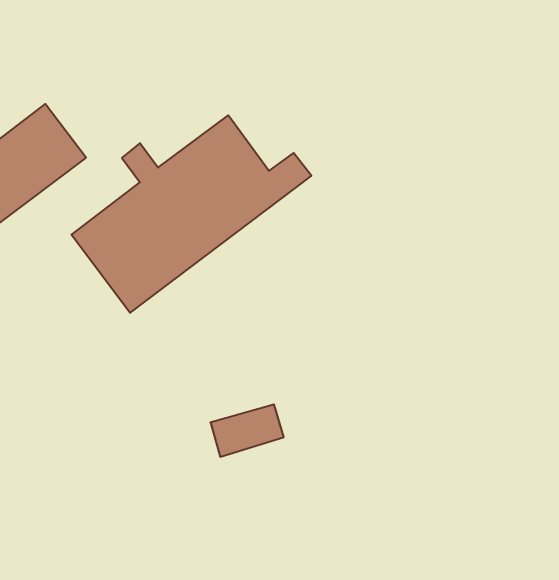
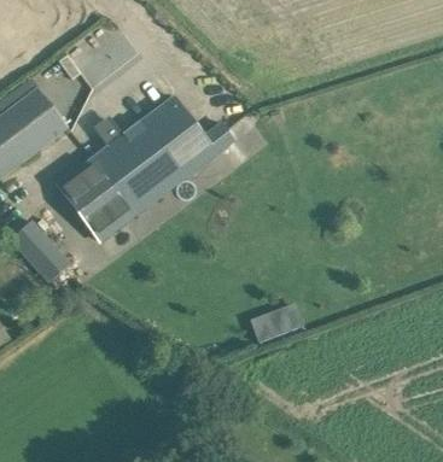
building: none -> [11,221,74,285]
building: [210,404,284,457] -> [247,304,302,343]

